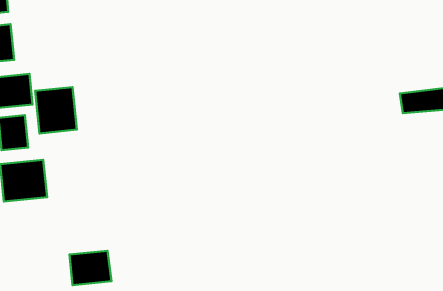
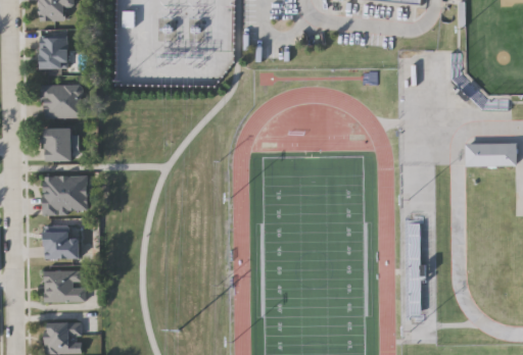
building: [35,87,77,133] -> none
building: none -> [45,225,81,258]
building: [69,251,112,285] -> [44,270,85,302]

